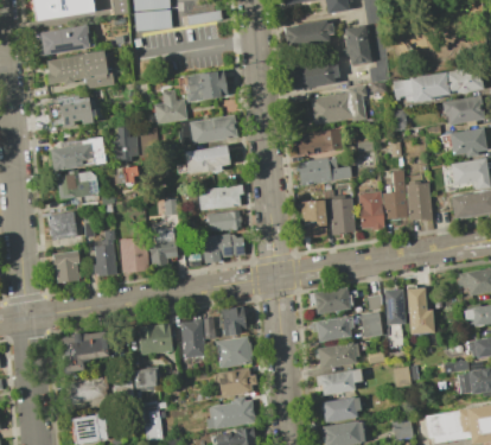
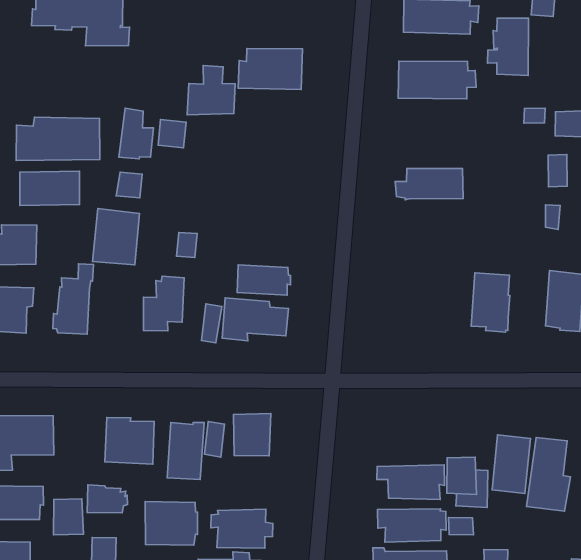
building: [310,90,362,123] -> none
building: [47,96,91,127] -> none
building: [179,114,237,144] -> none
building: [184,145,229,172] -> none
building: [296,157,351,185] -> none
building: [381,169,407,218] -> none
building: [197,184,242,210] -> none
building: [329,197,355,233] -> none
building: [300,199,326,237] -> none
building: [119,237,148,273] -> [93,208,140,265]
building: [313,293,361,319] -> none
building: [215,337,251,369] -> [145,502,197,545]

